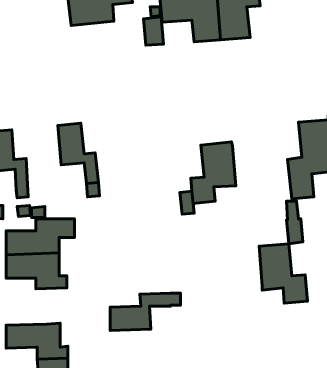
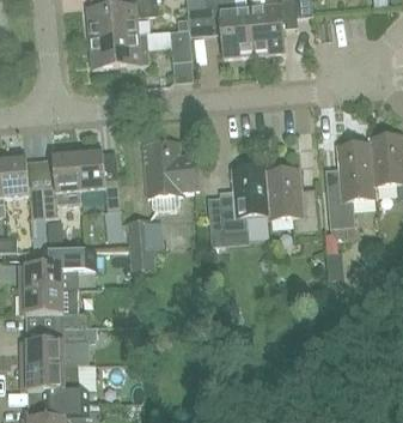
building: none -> [90,32,148,68]
building: none -> [142,139,199,195]
building: none -> [41,147,79,225]
building: none -> [126,218,163,270]
building: [259,244,307,303] -> [265,168,318,232]
building: [110,293,180,330] -> [19,325,96,365]

